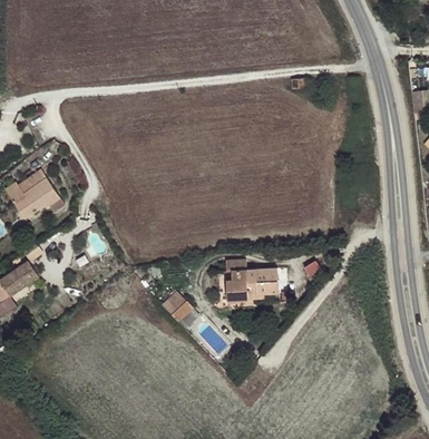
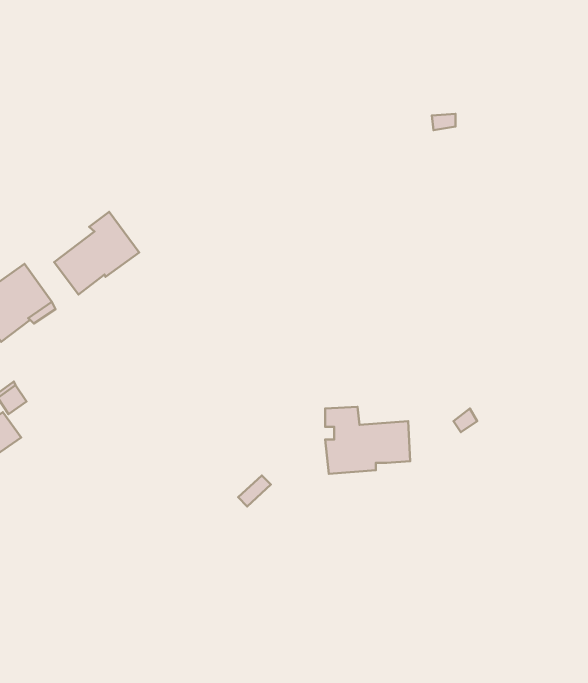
building: none -> [54,212,139,294]

